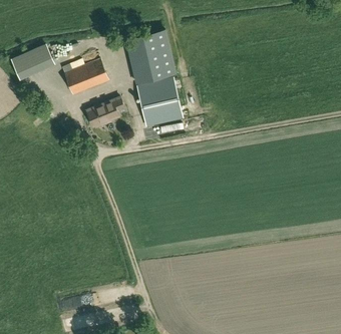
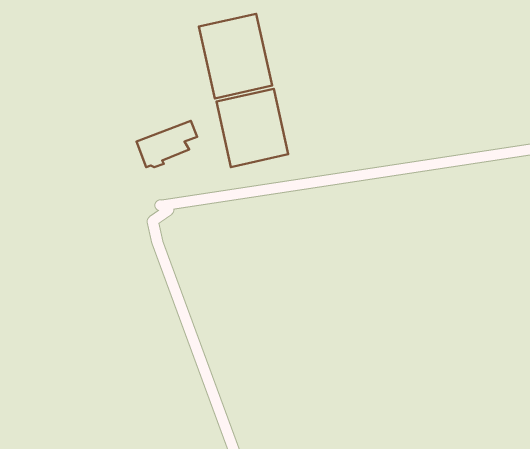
building: [7,44,52,79] -> none
building: [65,60,109,95] -> none

